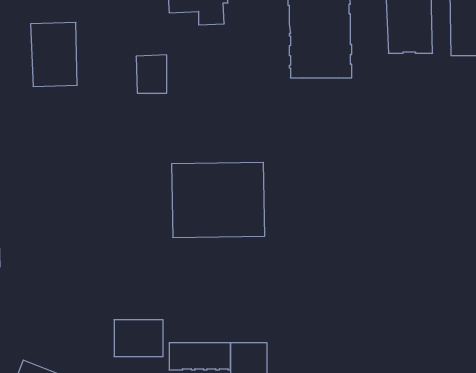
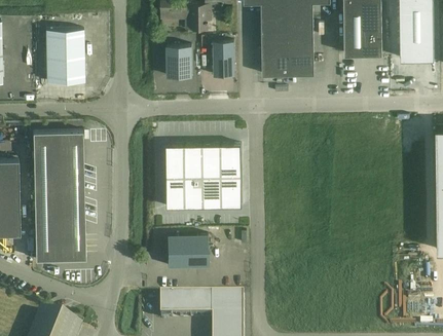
building: none -> [213,38,234,74]
building: [136,55,167,93] -> [165,42,191,74]
building: none -> [32,127,84,257]
building: [114,320,163,357] -> [167,232,208,263]

